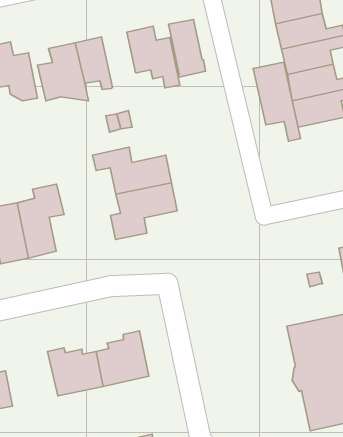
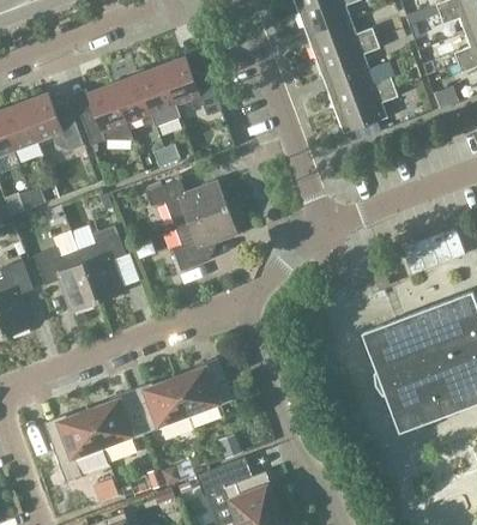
building: [168,19,205,77] -> [137,66,180,125]
building: [253,62,300,141] -> none
building: none -> [91,391,146,449]

